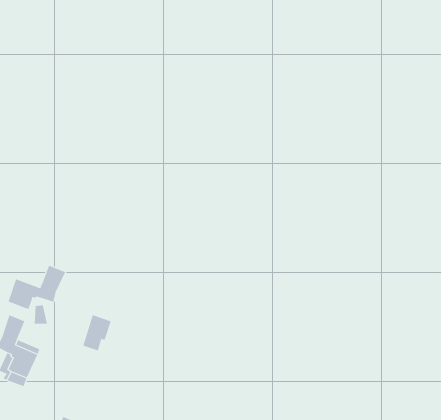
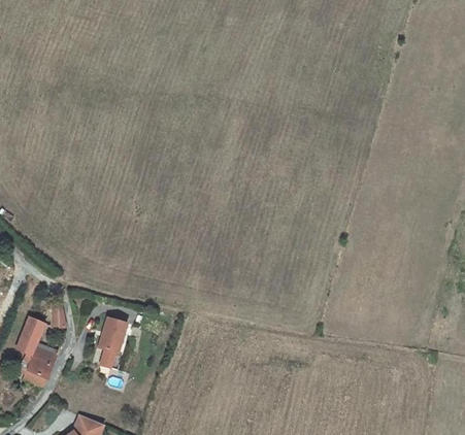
building: [8,265,66,309] -> none

